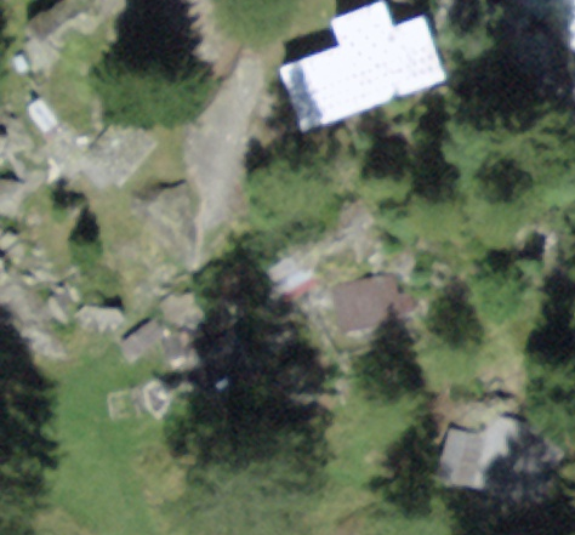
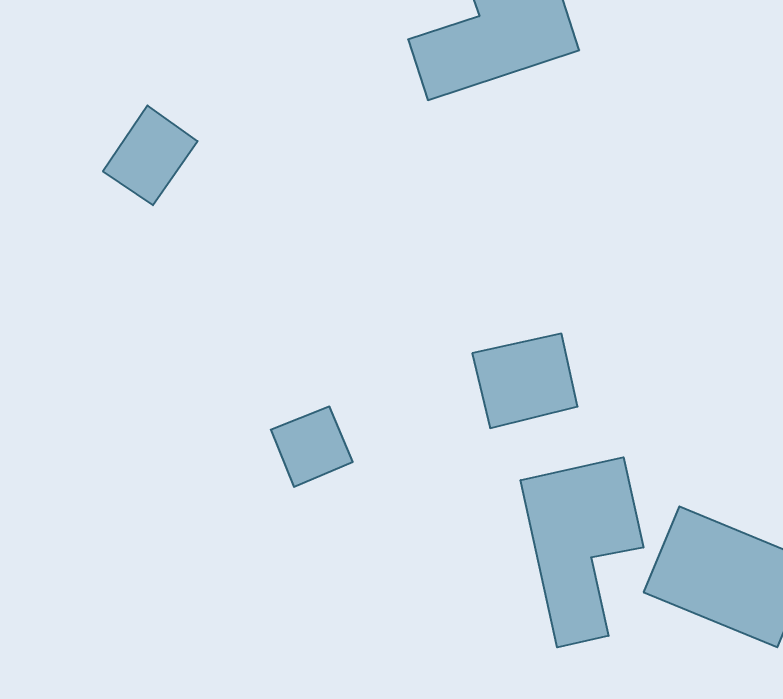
building: none -> [521,457,643,647]

